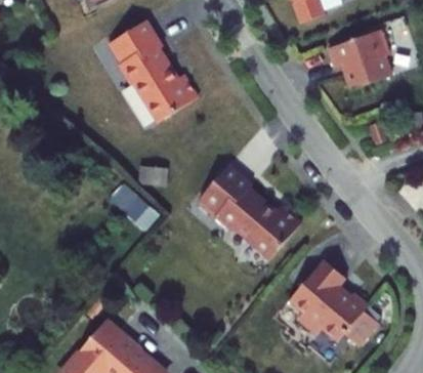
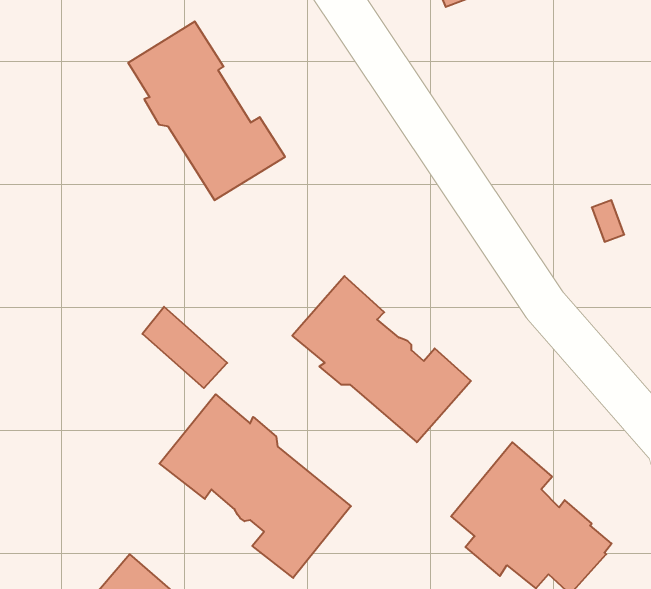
building: [328,30,391,90] -> none
building: none -> [159,394,351,578]

